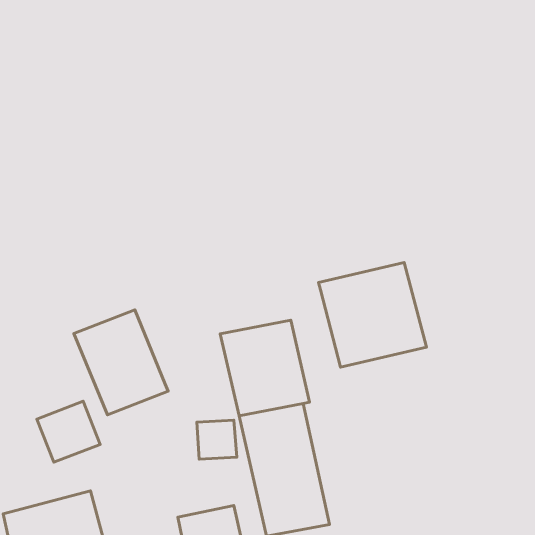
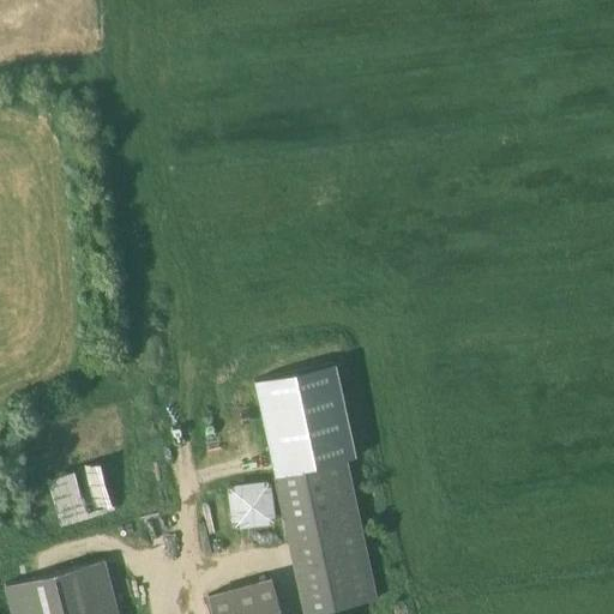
building: [318,263,426,367] -> none
building: [74,310,168,415] -> none

